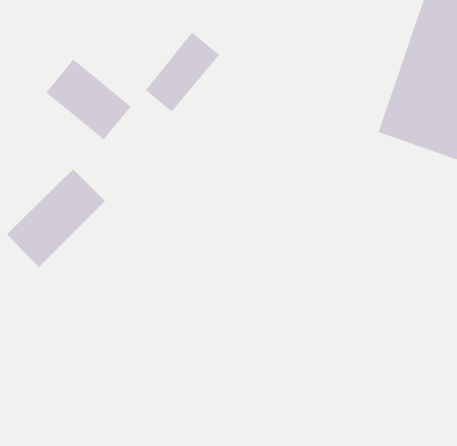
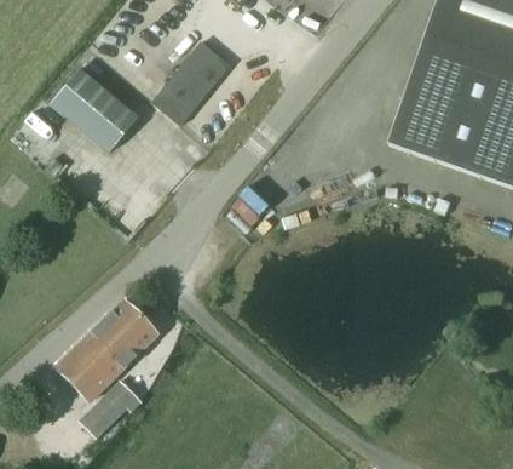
building: [6,168,106,268] -> [54,298,157,401]
building: none -> [79,379,142,436]

